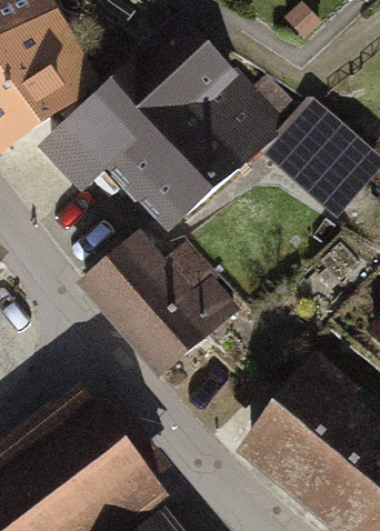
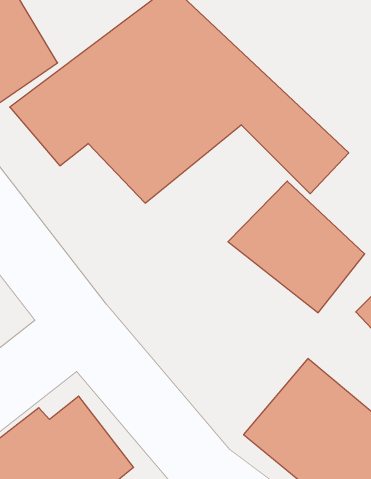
building: none -> [228,181,365,313]
building: [89,234,236,370] -> none

